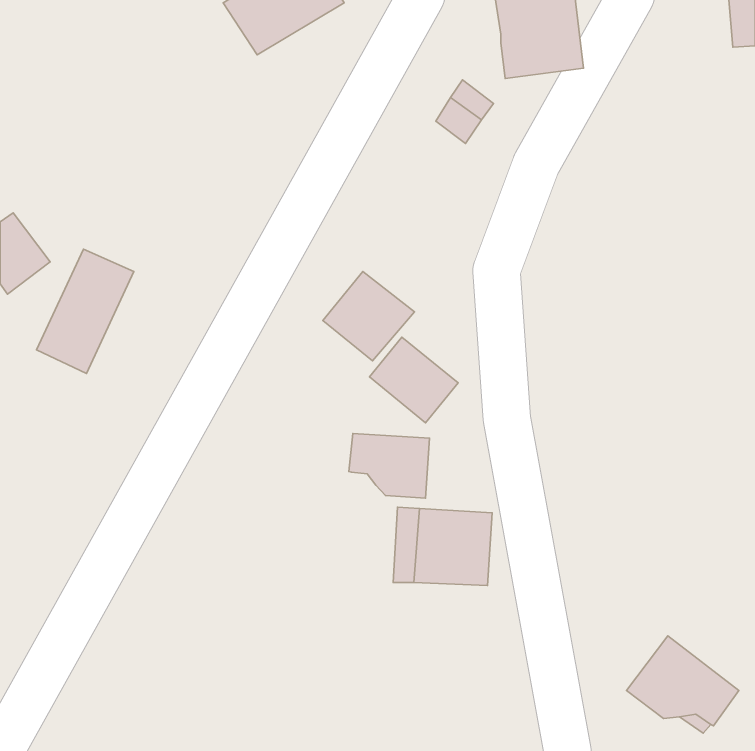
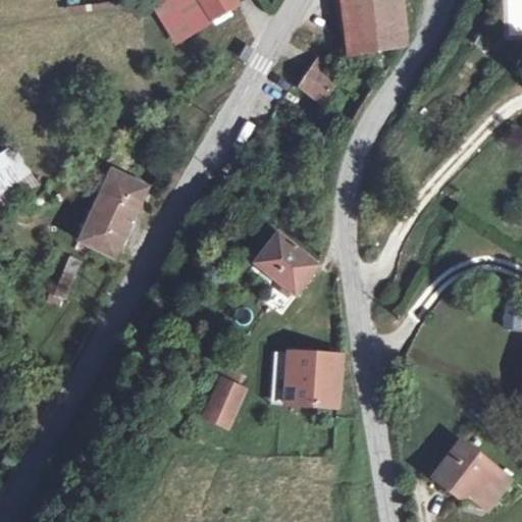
building: [36,249,134,373] -> [80,169,147,255]
building: [323,271,414,361] -> none
building: [349,434,429,498] -> none
building: none -> [204,377,244,424]

